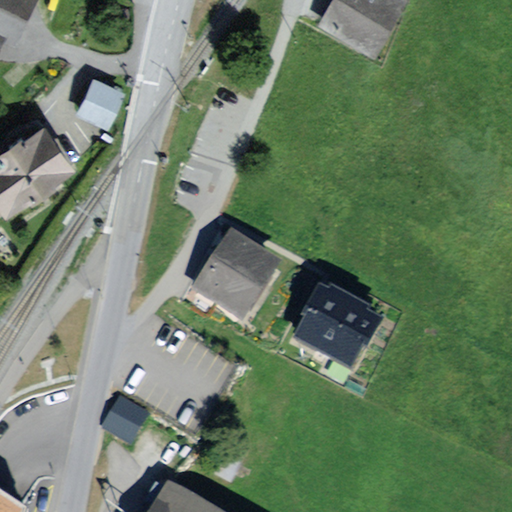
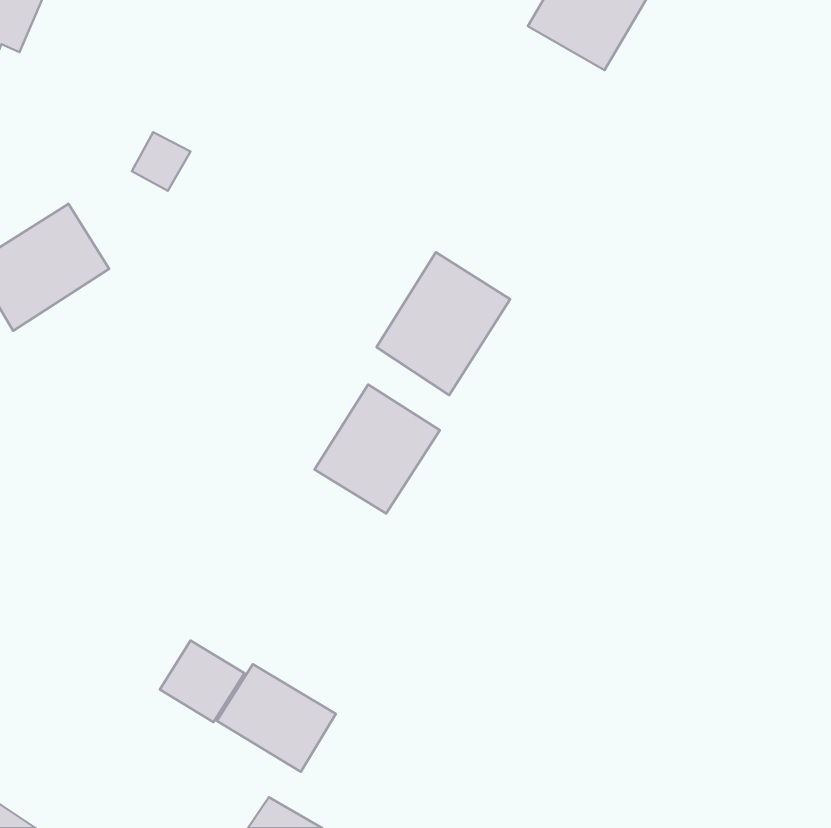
building: none -> [376,252,510,395]
building: [300,292,376,366] -> none
building: none -> [217,664,336,772]

